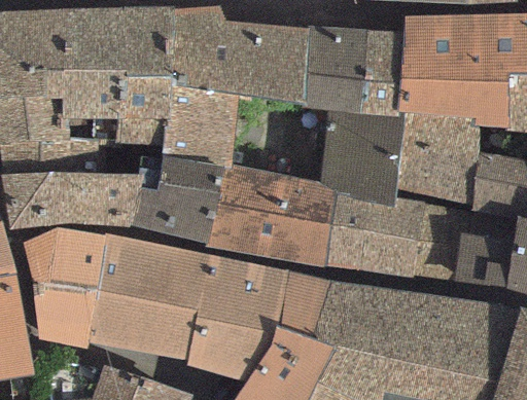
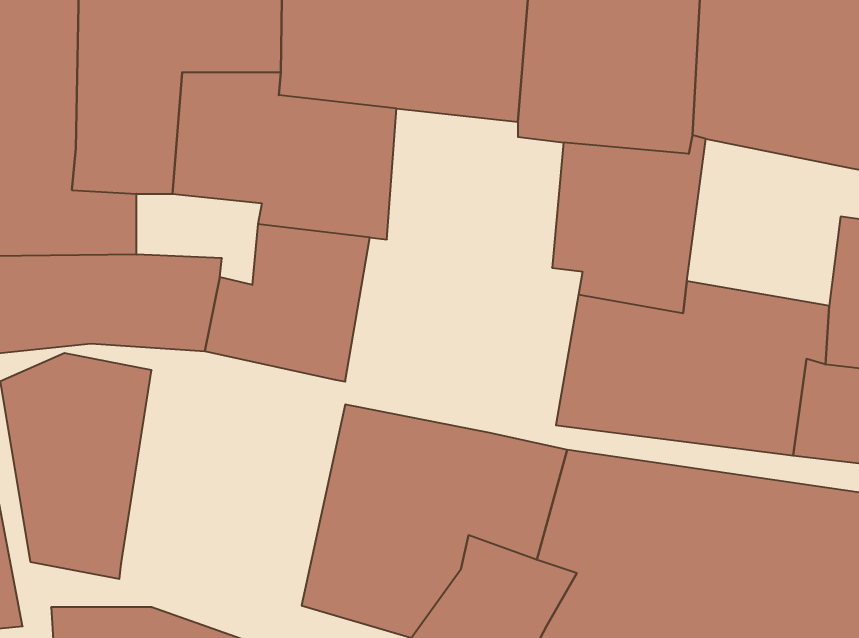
building: [394,111,481,202] -> none
building: [204,165,338,266] -> none
building: [87,234,209,364] -> none

